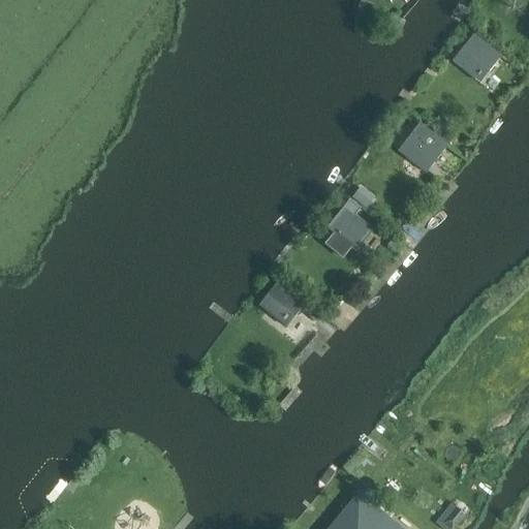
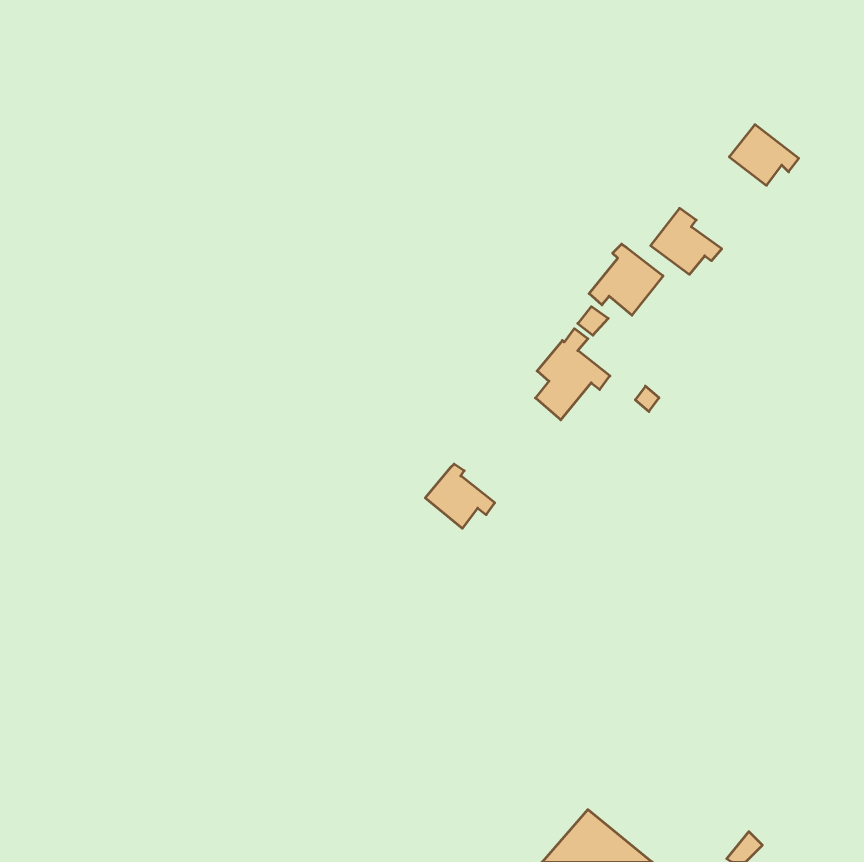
building: [453,41,495,79] -> [729,125,799,185]
building: none -> [589,244,663,315]

